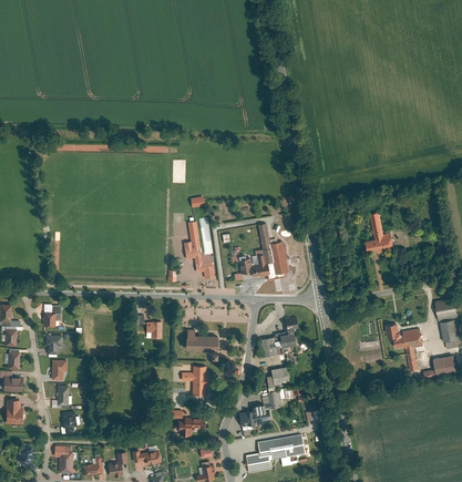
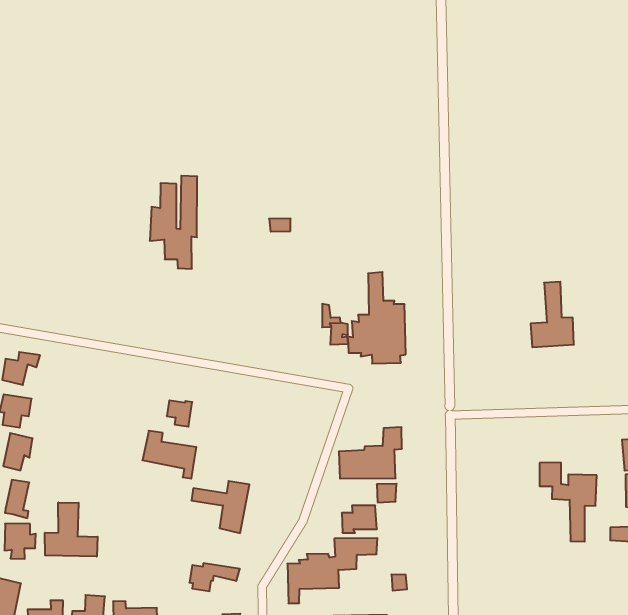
building: [184,219,215,278] -> [150,176,197,269]
building: [187,330,219,356] -> [142,431,196,479]
building: none -> [45,502,98,557]

